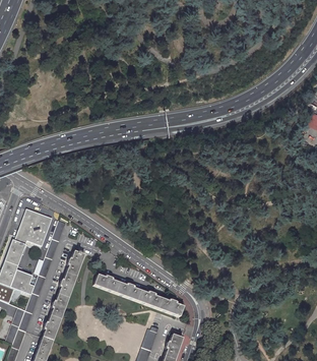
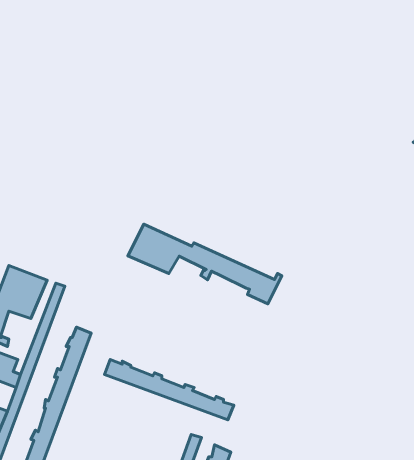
building: none -> [128,224,282,304]

